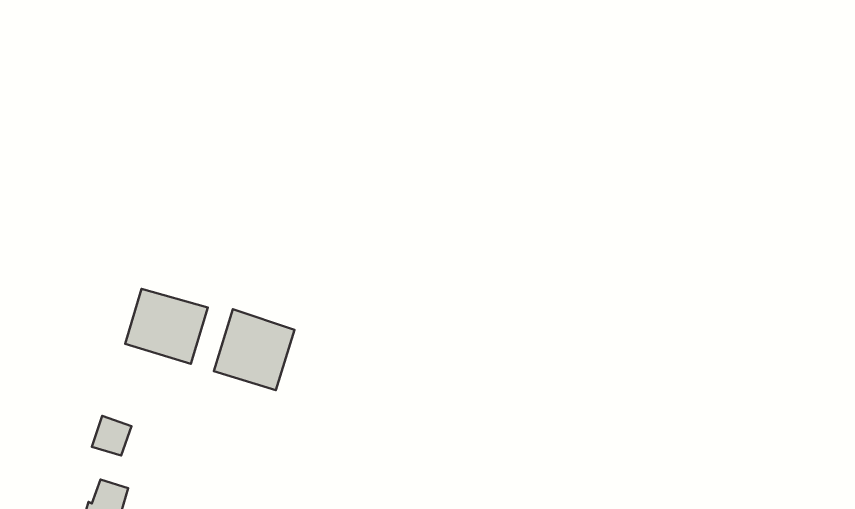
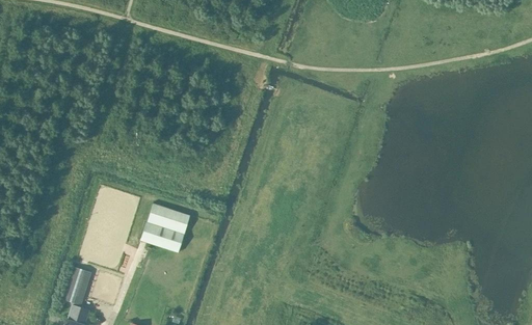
building: [125,289,208,364] -> none

